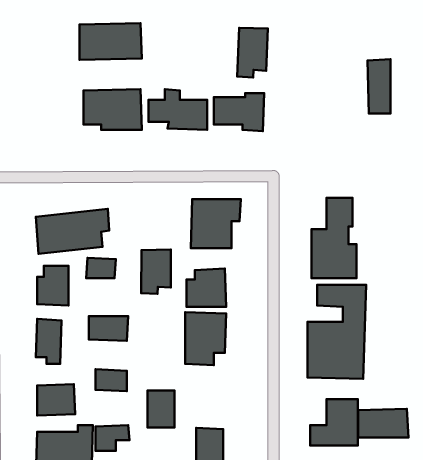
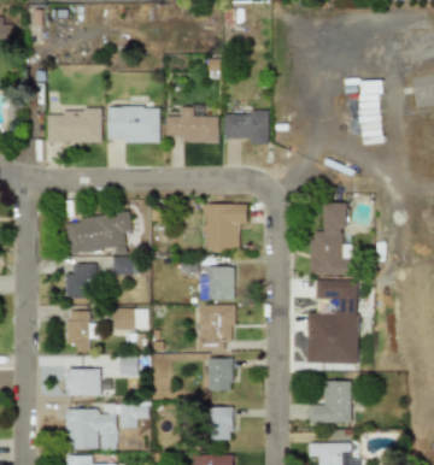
building: [79,23,142,60] -> [46,111,101,143]
building: [237,28,268,78] -> none
building: [141,250,171,294] -> none
building: [147,391,175,427] -> [207,359,231,392]
building: [358,409,409,437] -> none

